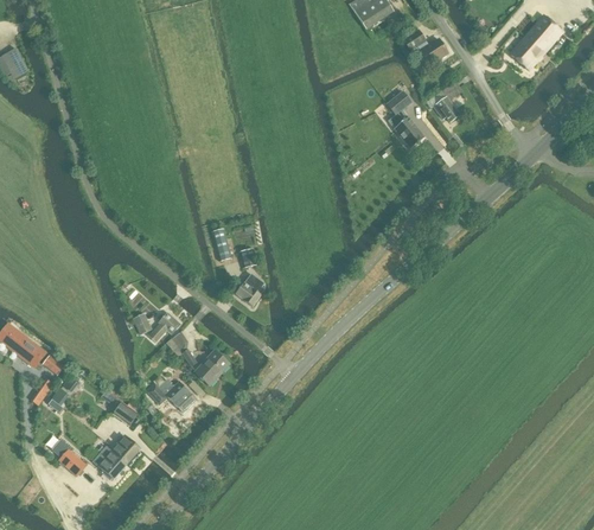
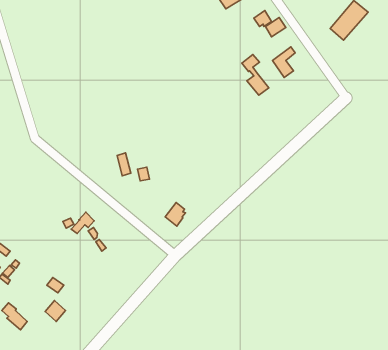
building: [235,273,263,306] -> [165,203,185,226]
building: [194,349,229,384] -> none
building: [148,379,197,411] -> none
building: [96,445,126,478] -> none

